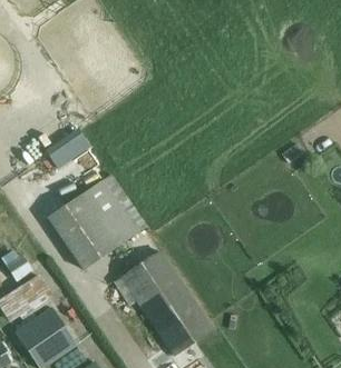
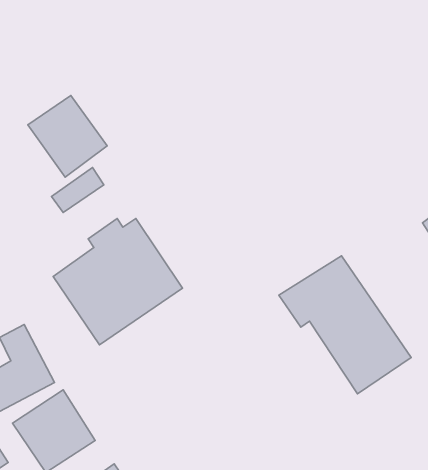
building: none -> [28,95,107,177]
building: [111,250,213,356] -> [279,256,411,394]

